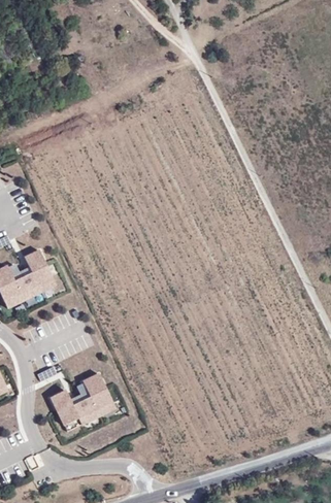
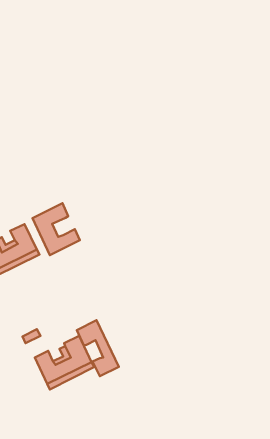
building: none -> [32,203,80,255]
building: none -> [77,320,119,376]

